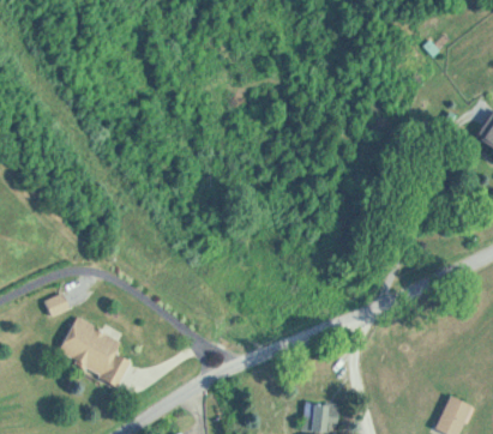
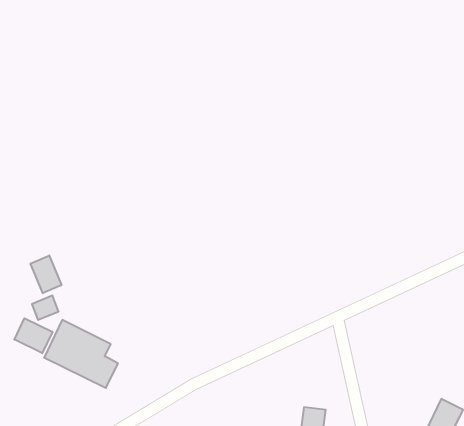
building: none -> [31,255,61,293]
building: none -> [14,318,52,353]

